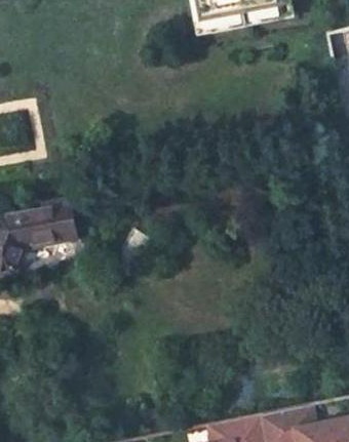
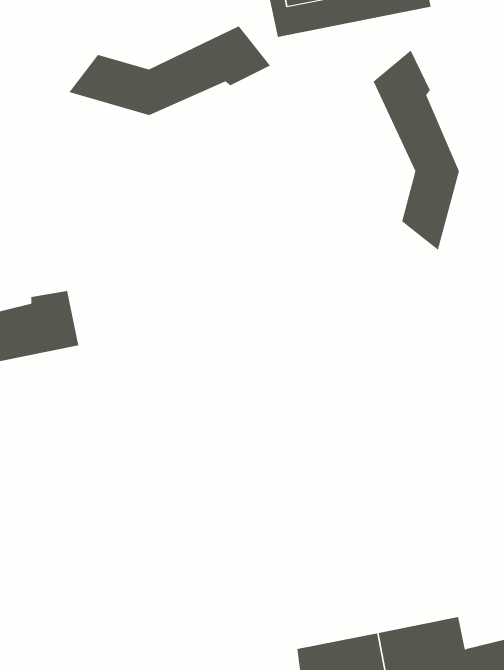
building: none -> [69,26,271,116]
building: none -> [373,50,460,251]

